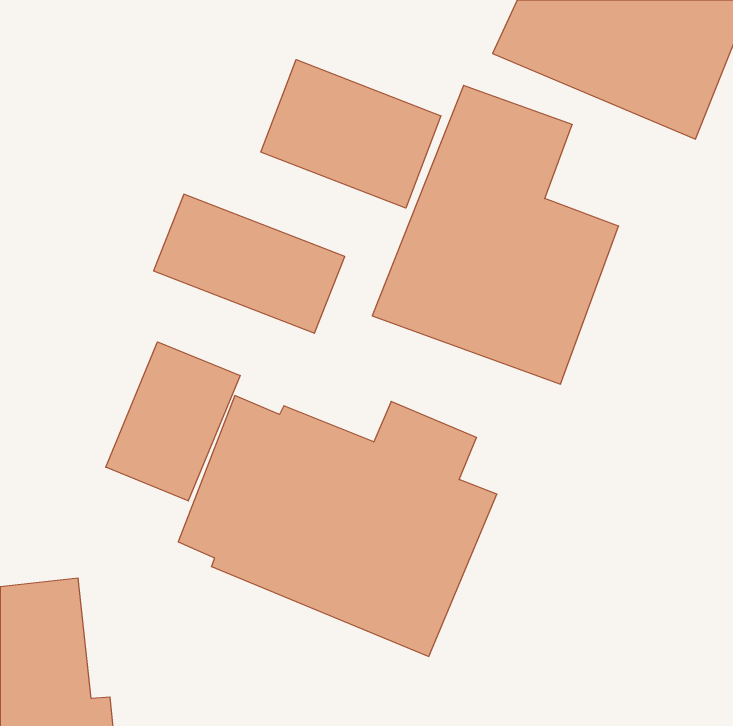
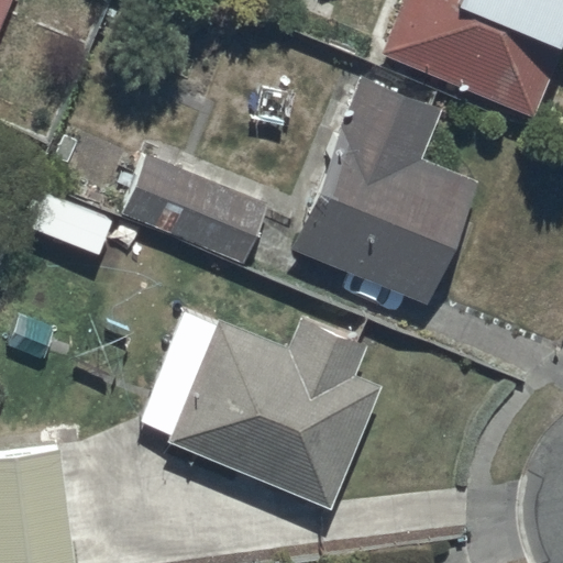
building: [261,60,441,208] -> none
building: [106,342,240,501] -> none

